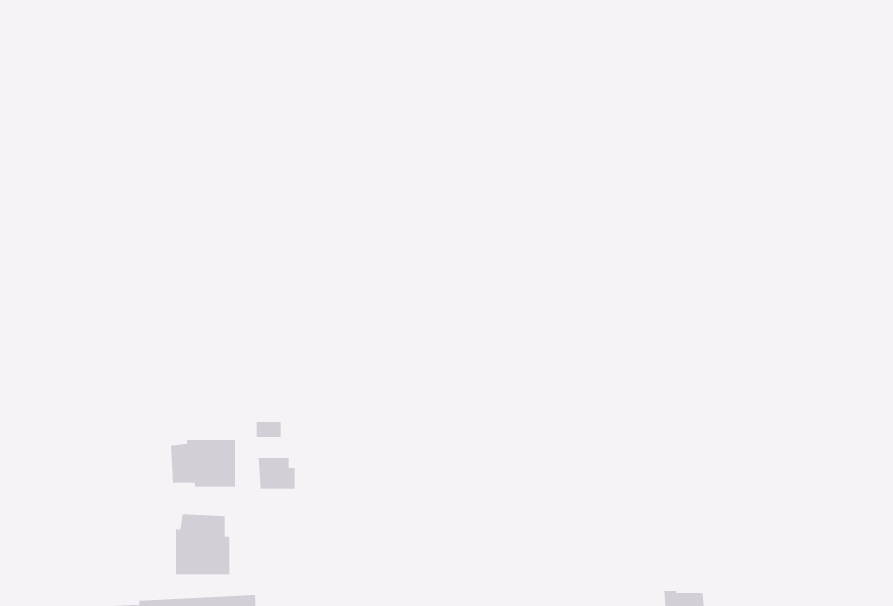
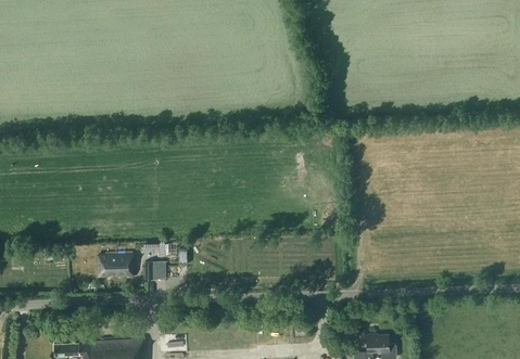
building: [176,514,230,575] -> none

